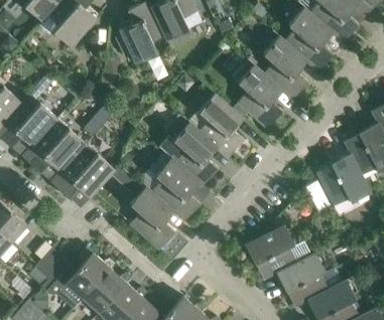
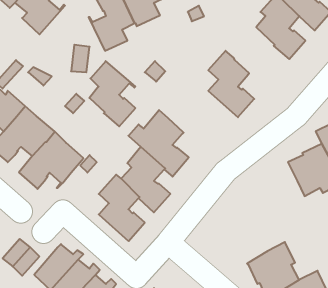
building: [263,35,308,101] -> none
building: [199,94,244,158] -> [89,61,135,126]
building: [245,225,296,280] -> none

